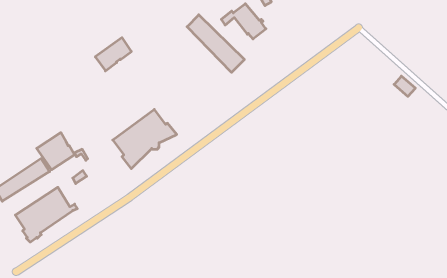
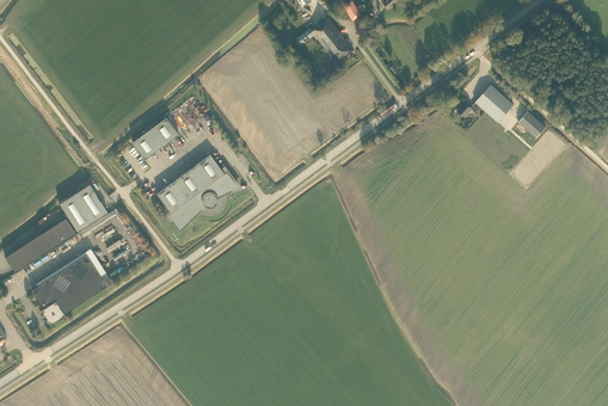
building: [187,15,244,72] -> none
building: [95,38,131,71] -> [133,116,179,159]
building: none -> [457,84,514,121]

